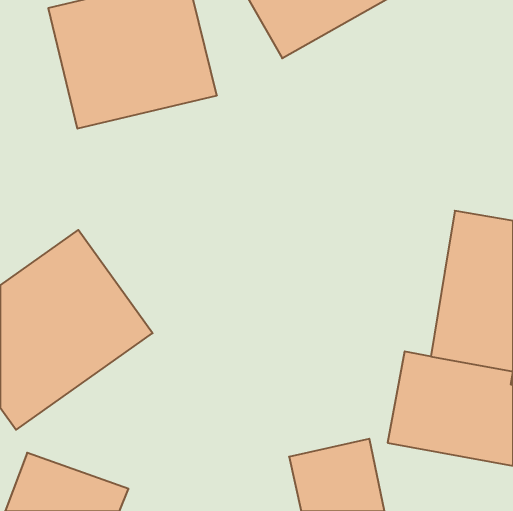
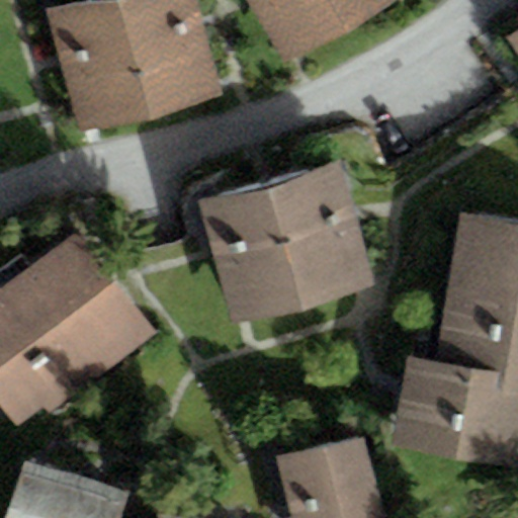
building: none -> [203,166,369,321]

